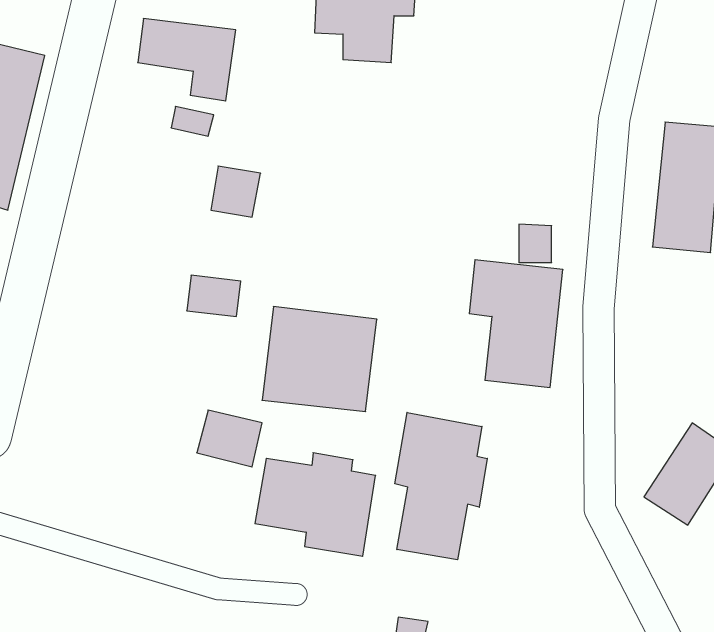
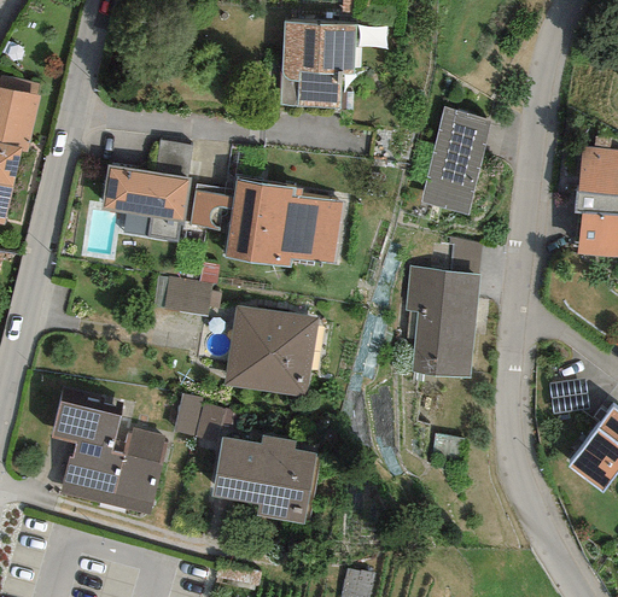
building: [138,19,236,101] -> [104,171,187,241]
building: none -> [419,104,486,206]
building: none -> [229,175,345,264]
building: none -> [53,390,164,514]
building: [395,412,487,560] -> none

